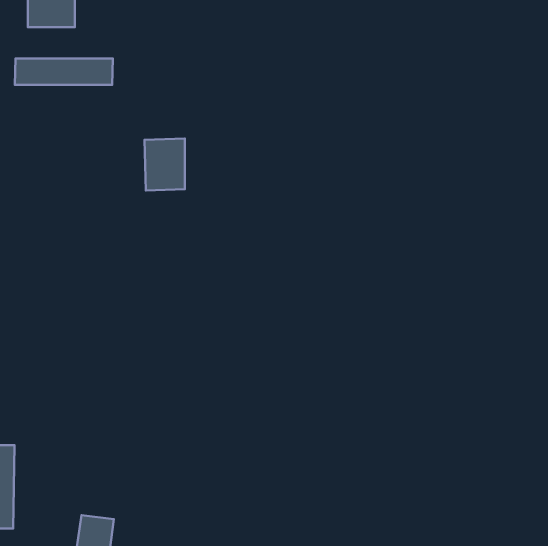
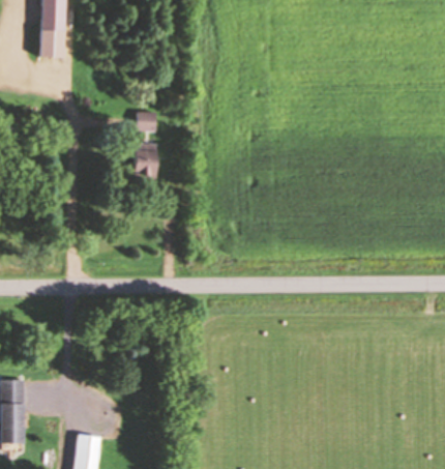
building: [15,59,113,85] -> none
building: none -> [138,112,159,131]

